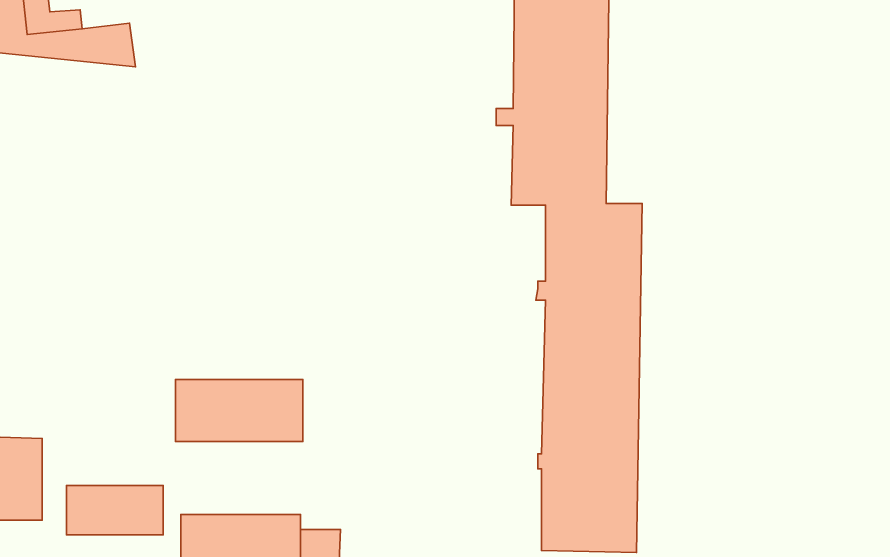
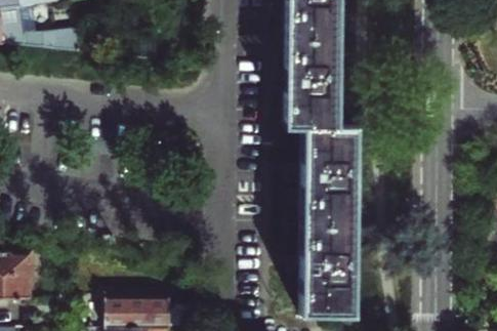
building: [176,380,303,442] -> none
building: [67,485,163,535] -> none

